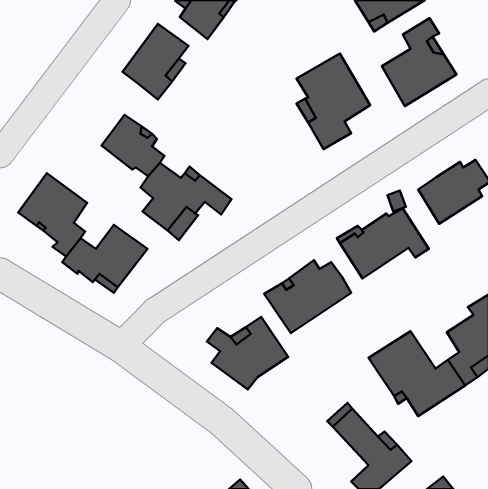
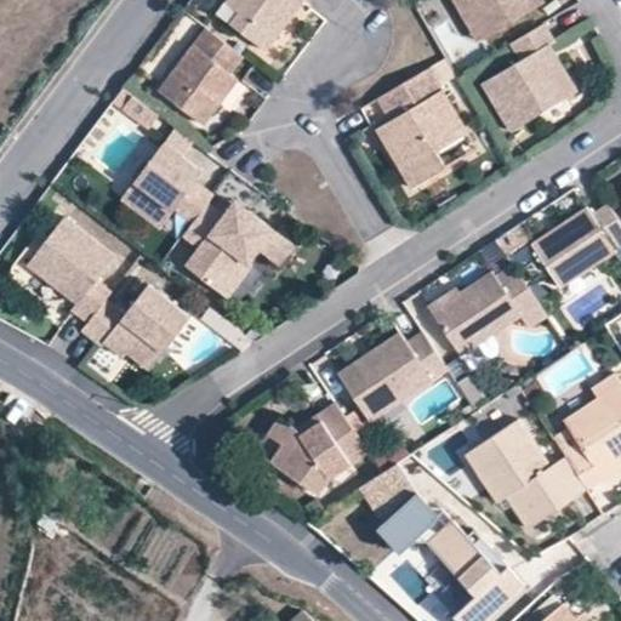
building: none -> [351,462,429,537]

